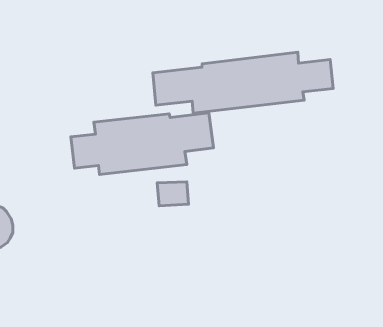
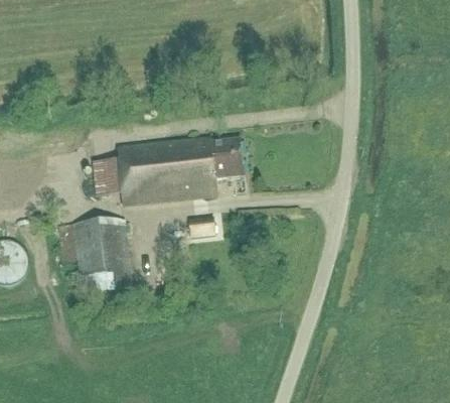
building: [153,52,333,113] -> none
building: none -> [57,217,132,291]

